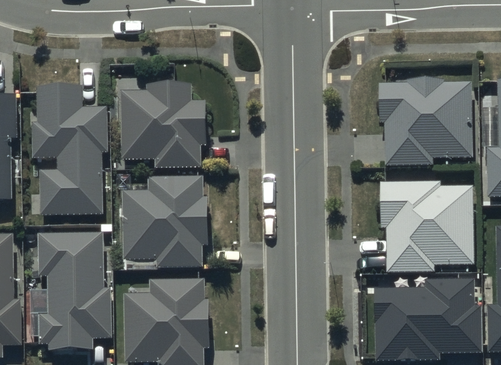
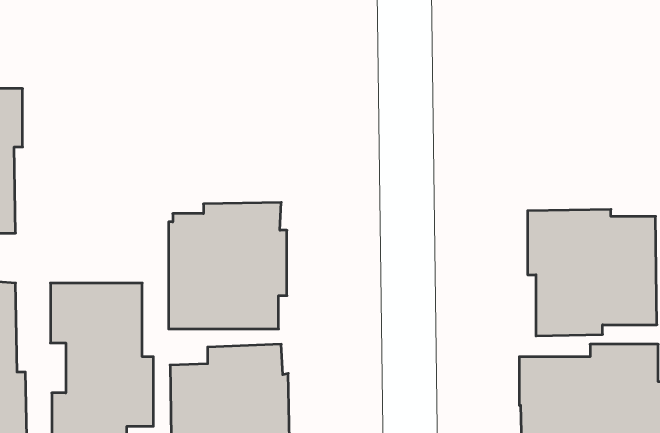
building: [378,79,471,165] -> none
building: [120,82,206,167] -> none
building: [32,84,108,214] -> none

